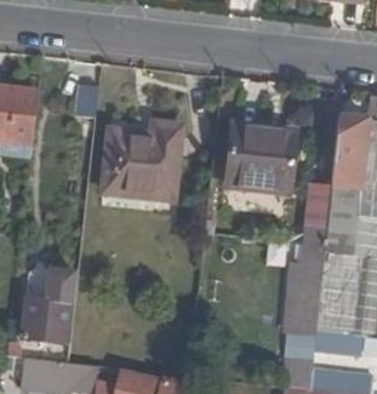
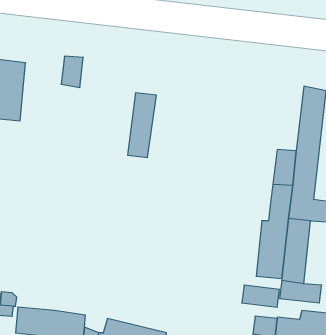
building: [99,124,155,193] -> none
building: [225,126,296,190] -> none
building: [19,272,70,344] -> none

